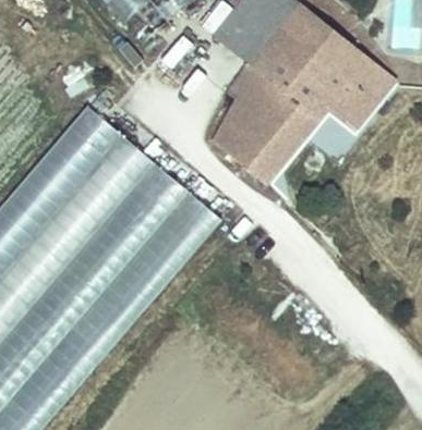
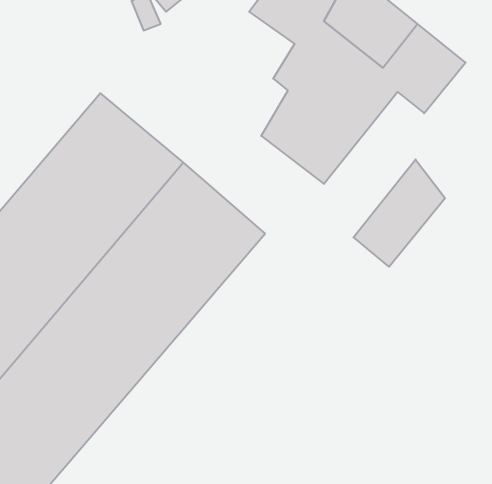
building: none -> [353,159,445,267]

